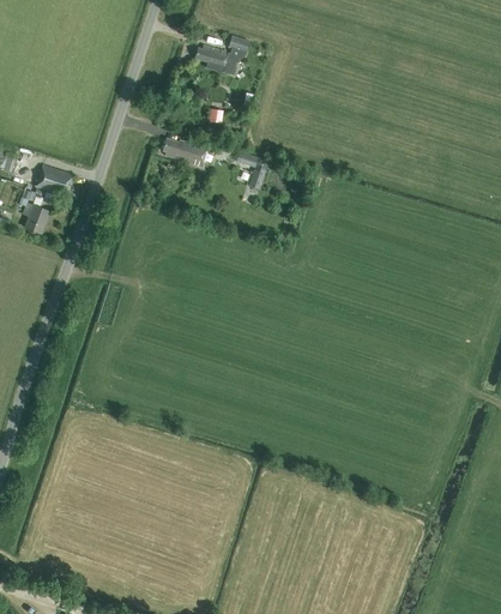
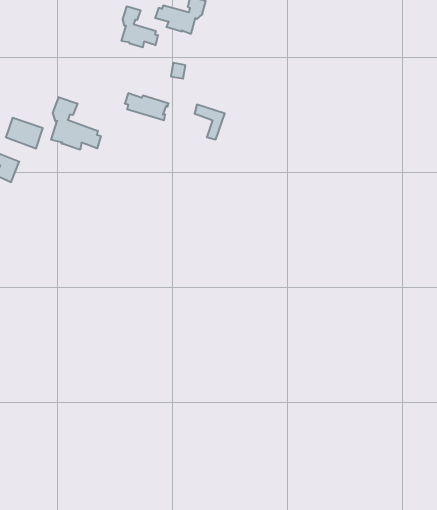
building: none -> [122,6,158,47]
building: none -> [51,97,101,150]

